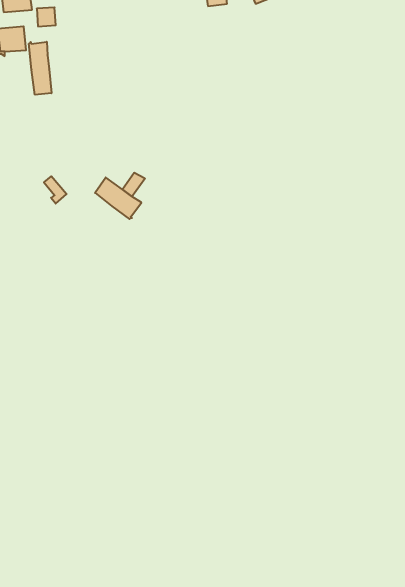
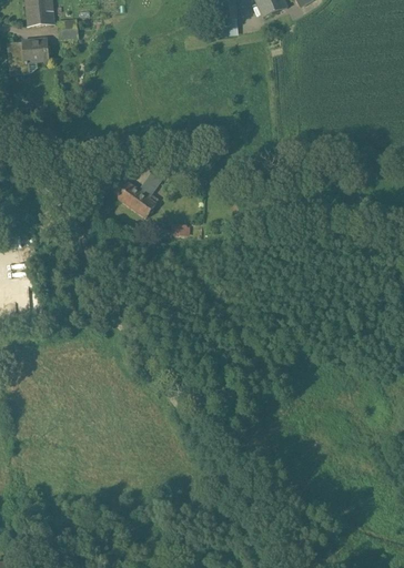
building: [29,42,51,95] -> none

